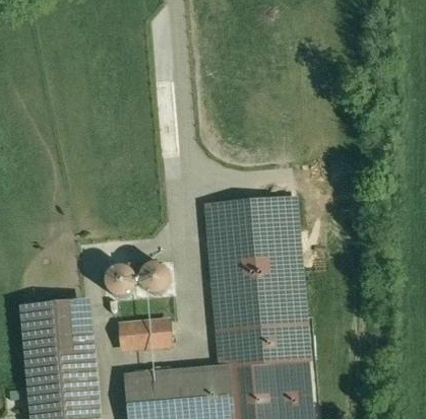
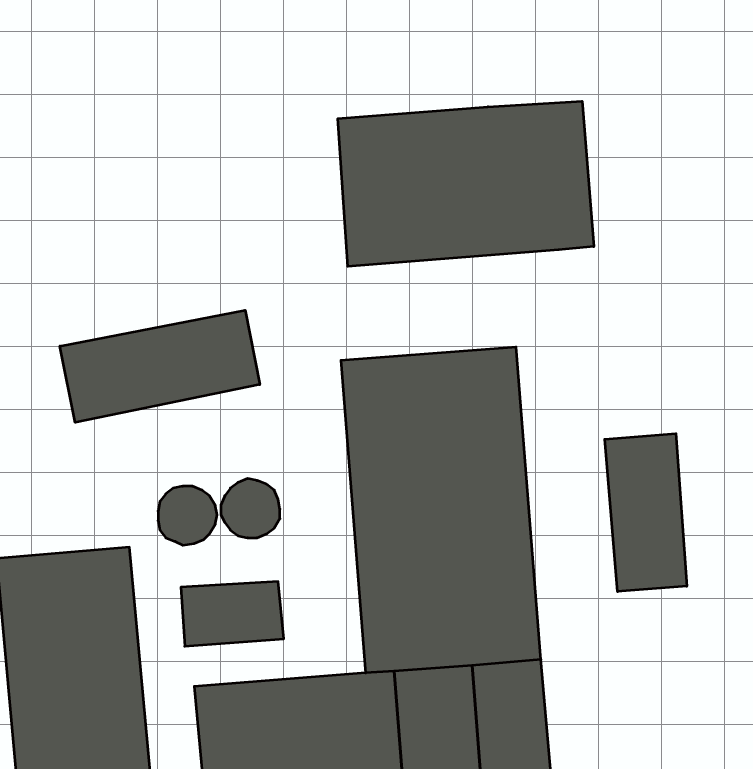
building: none -> [338,101,594,266]
building: none -> [60,310,260,422]
building: none -> [605,434,687,592]

